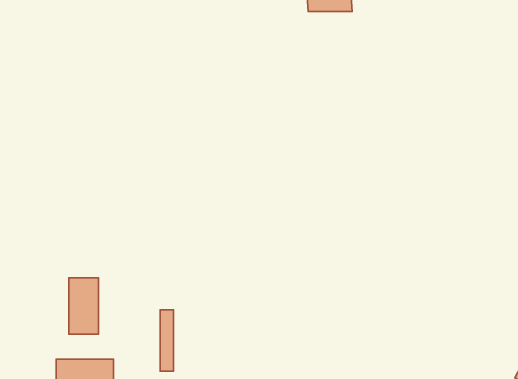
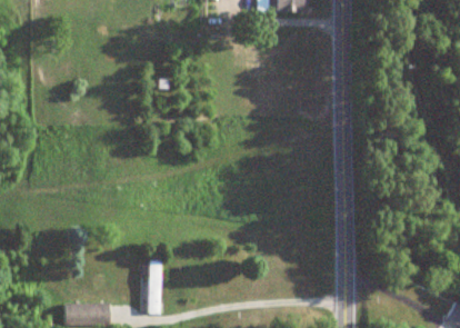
building: [69,278,99,334] -> none

